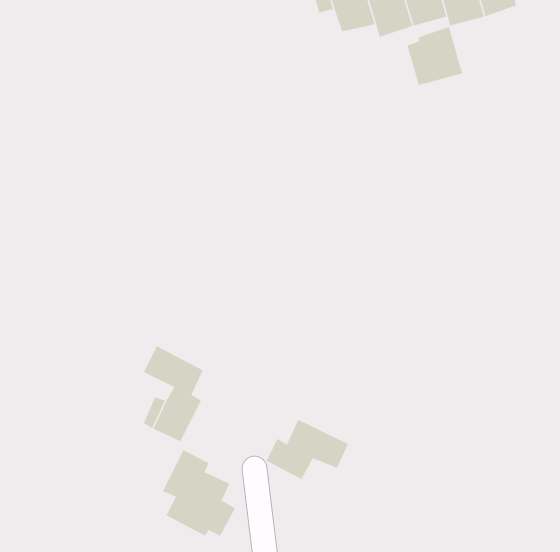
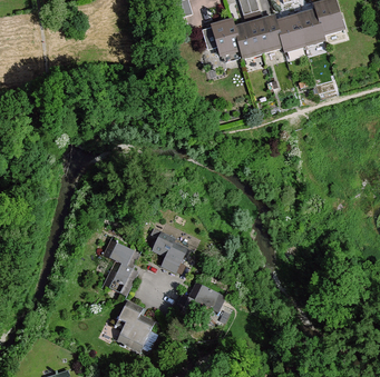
building: [407,26,463,86] -> none
building: none -> [152,231,186,272]

